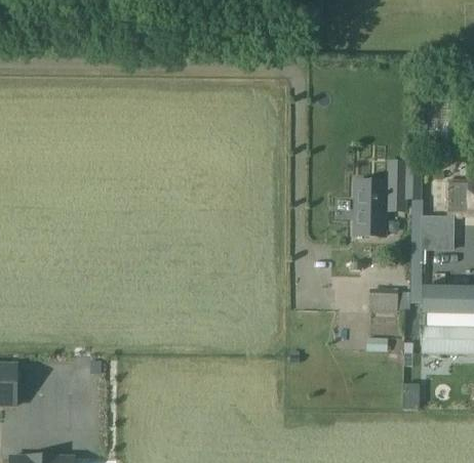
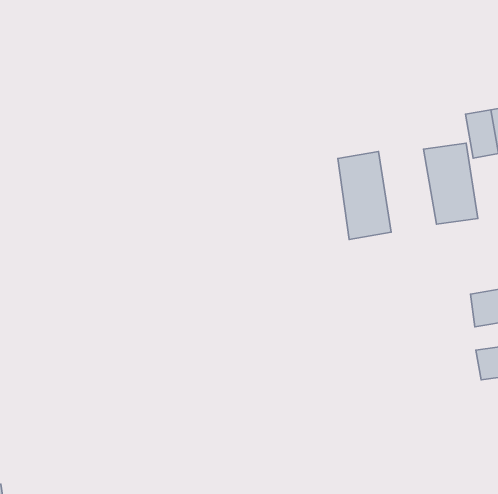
building: none -> [338,152,391,239]

